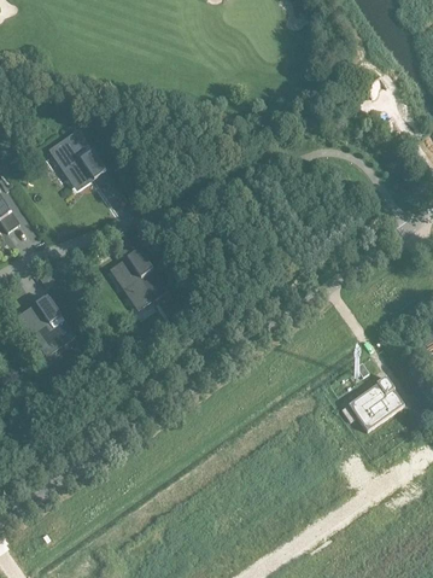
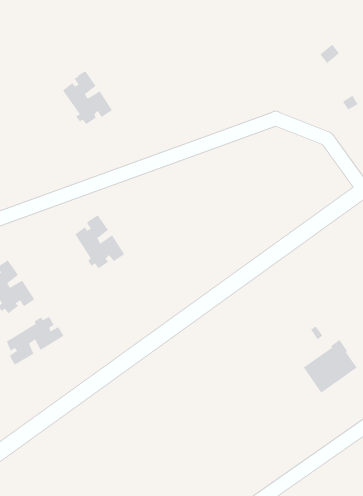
building: [52,130,104,186] -> [62,70,113,125]
building: none -> [6,316,65,366]

